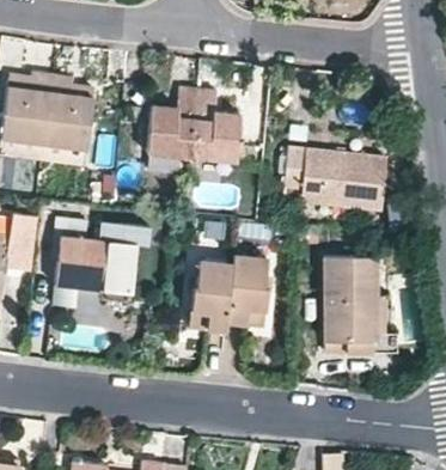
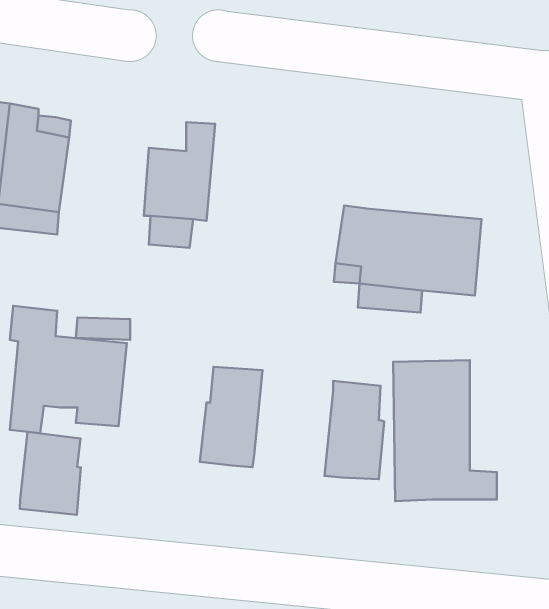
building: [191,88,239,160] -> none
building: [225,255,267,324] -> [325,381,384,479]
building: none -> [20,432,81,515]

